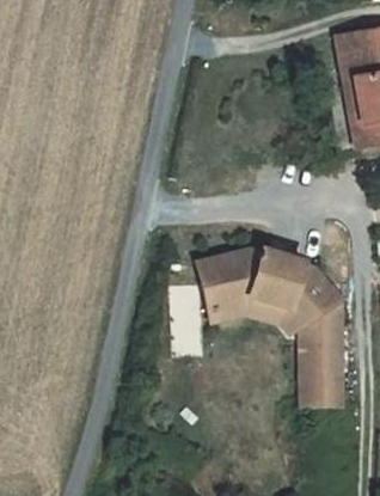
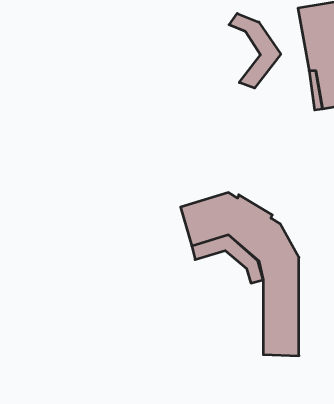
building: none -> [229,13,281,88]

